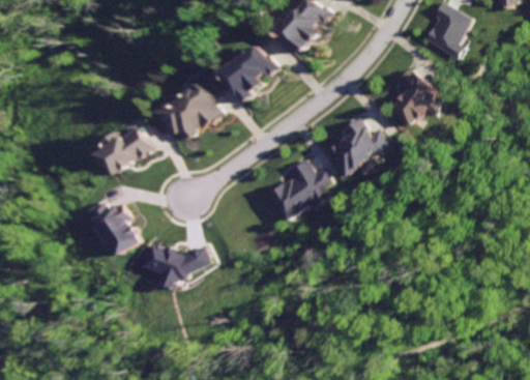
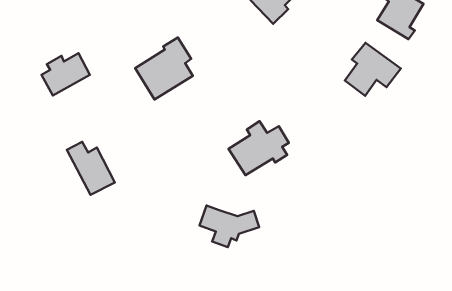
building: [217,43,272,105] -> none
building: [325,115,384,175] -> none
building: [98,126,152,175] -> [41,53,90,95]
building: [138,243,204,288] -> [199,205,259,247]

